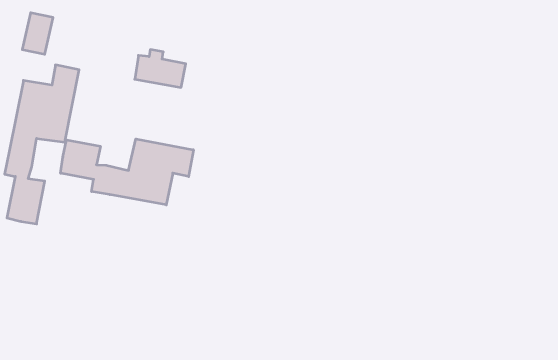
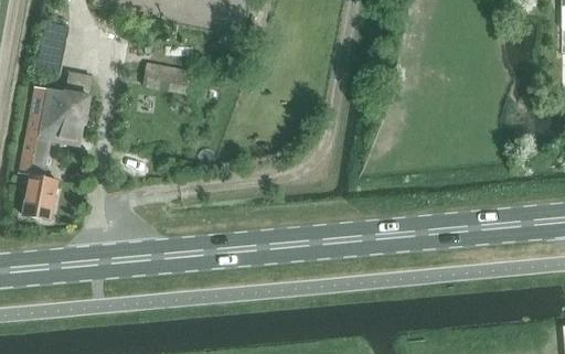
building: [61,139,193,205] -> none

